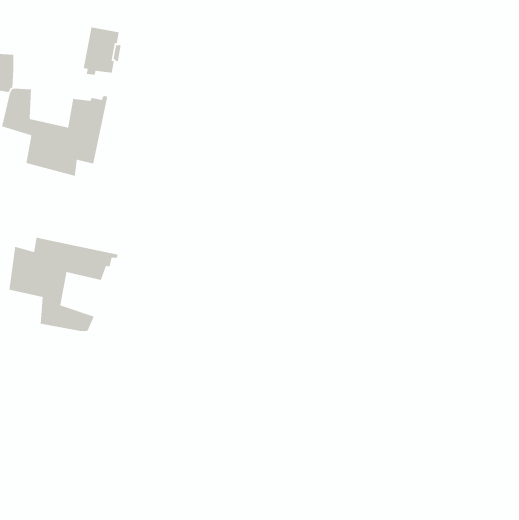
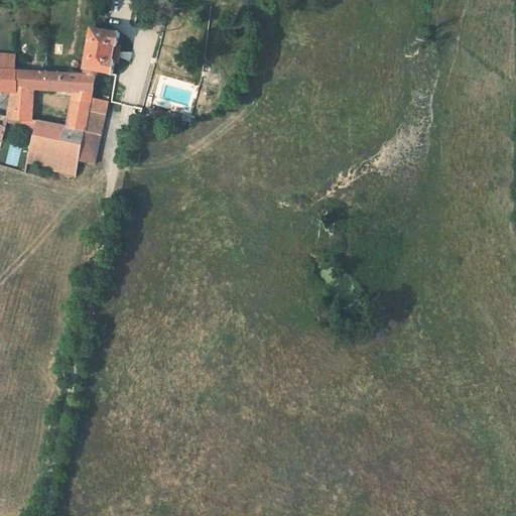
building: none -> [13,69,94,99]
building: [9,237,119,332] -> none

